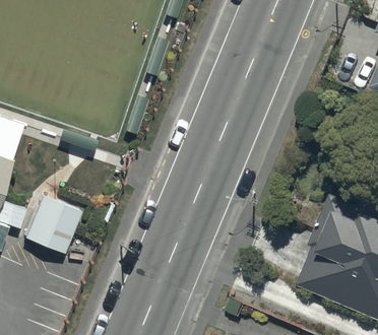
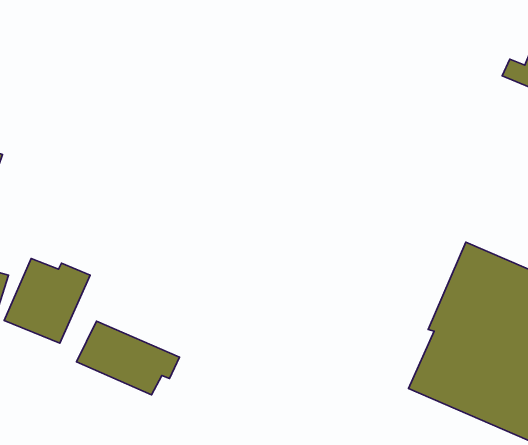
building: none -> [76,321,179,395]

